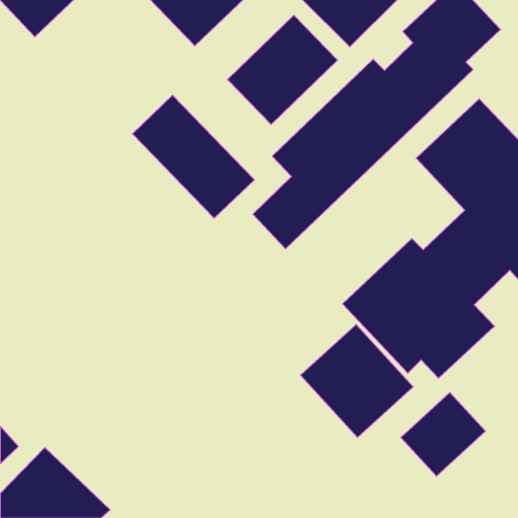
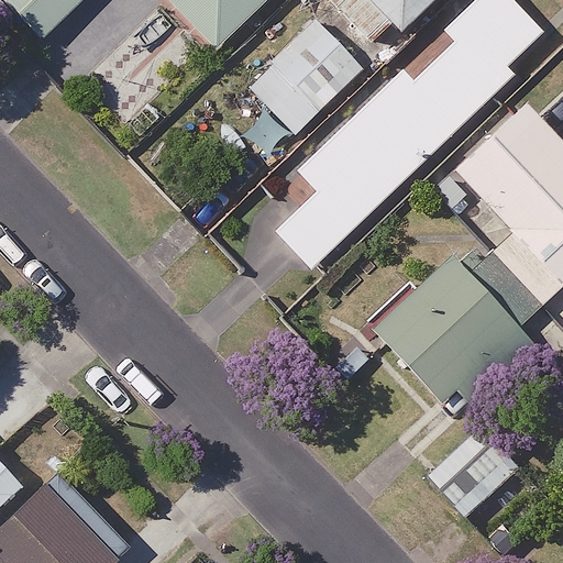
building: [132,95,254,218] -> none
building: [300,324,413,437] -> none

